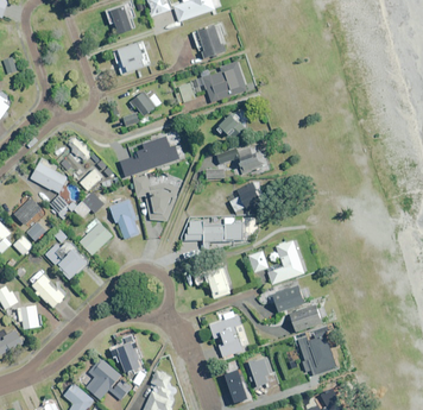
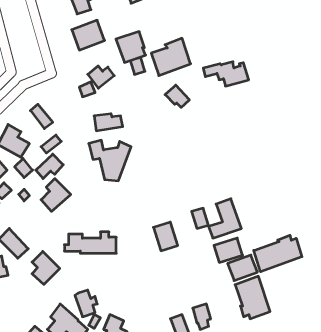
building: [192,24,226,58] -> [116,32,146,62]
building: [216,146,267,174] -> [203,62,249,86]
building: [229,182,263,213] -> none
building: [108,198,138,239] -> none
building: [183,217,241,241] -> [64,232,116,253]
building: [56,241,87,278] -> [32,251,60,284]
building: none -> [254,235,302,272]
building: [208,309,242,357] -> none

